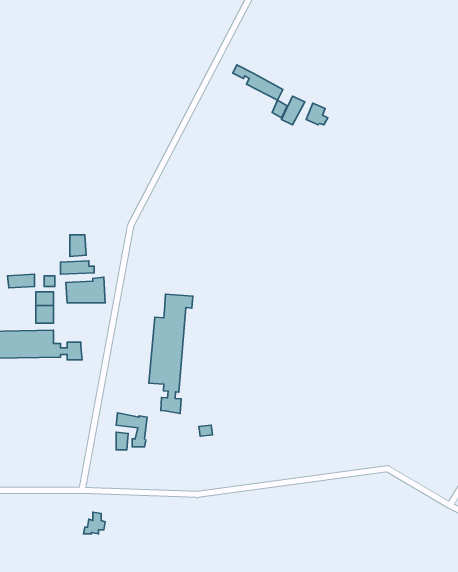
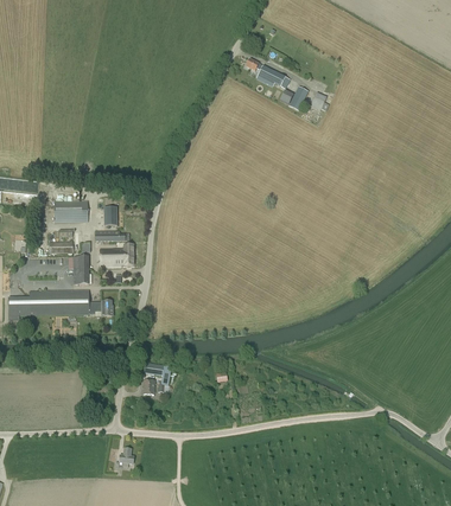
building: none -> [53,203,87,222]
building: [149,294,193,414] -> none

